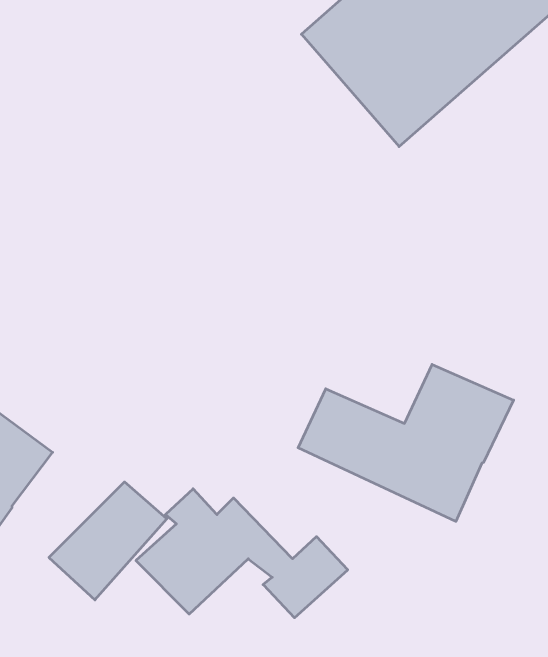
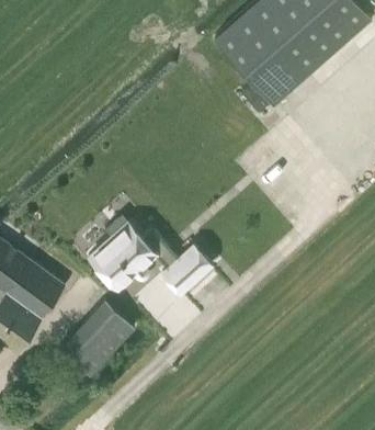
building: [298,364,514,521] -> none
building: [136,489,348,618] -> [90,218,216,295]

